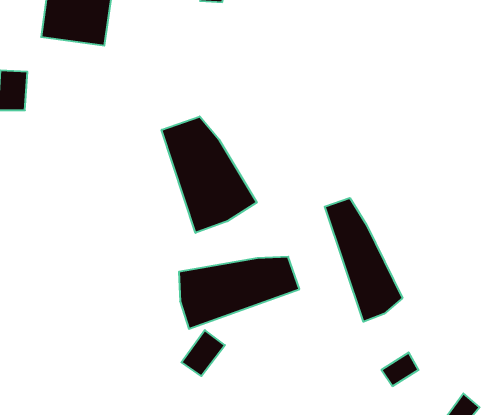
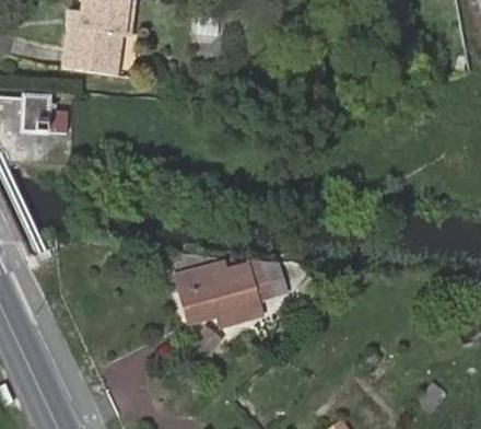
building: [162,116,257,233] -> none
building: [325,198,402,322] -> none

